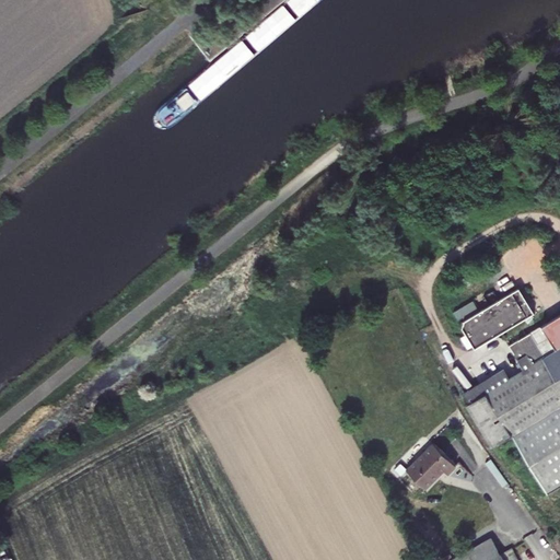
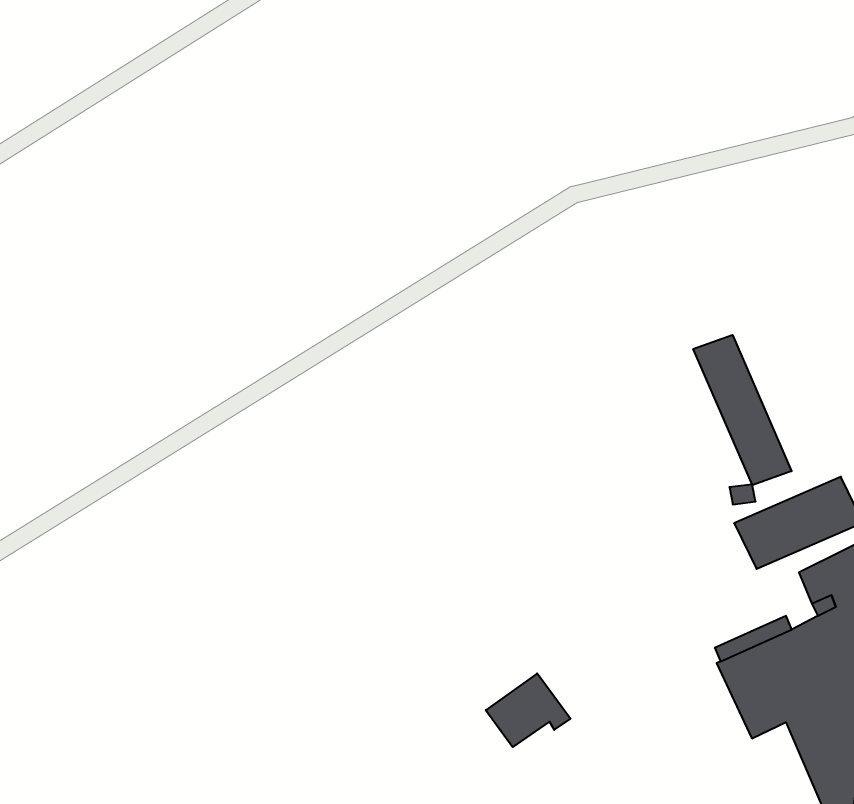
building: none -> [693,335,792,485]
building: [406,443,456,488] -> [486,673,571,747]

